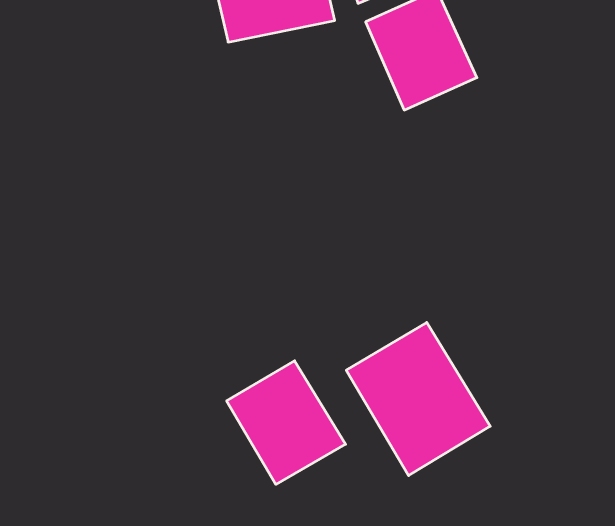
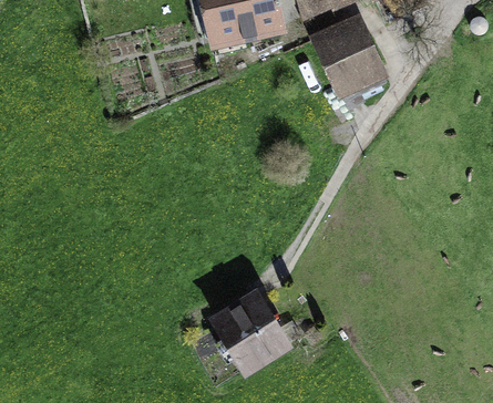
building: [346,322,490,476] -> none

